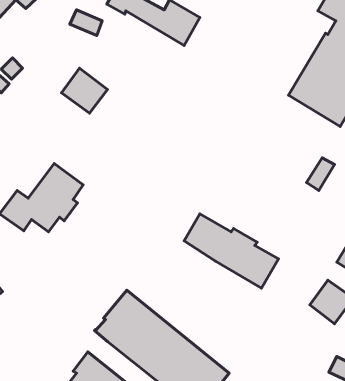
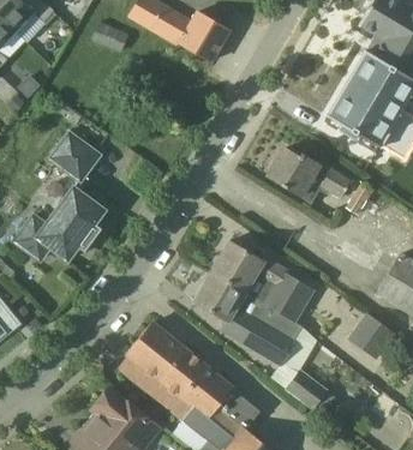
building: [61,68,107,113] -> [50,132,100,180]
building: none -> [268,149,352,203]
building: none -> [194,270,303,359]
building: none -> [286,368,327,408]

